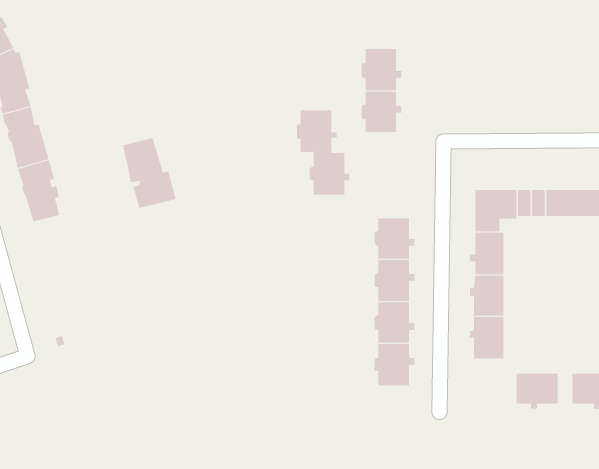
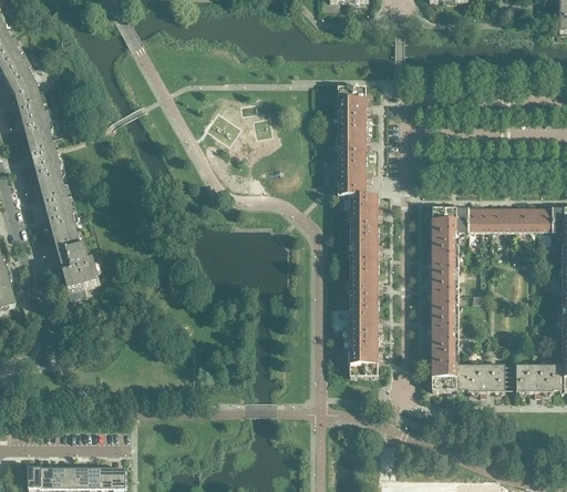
building: [296,110,350,195] -> [334,158,381,232]
building: [122,137,176,208] -> [53,228,100,289]
building: none -> [431,352,467,389]

